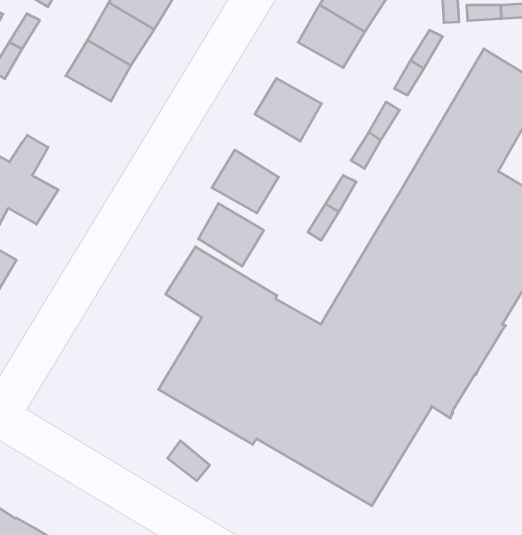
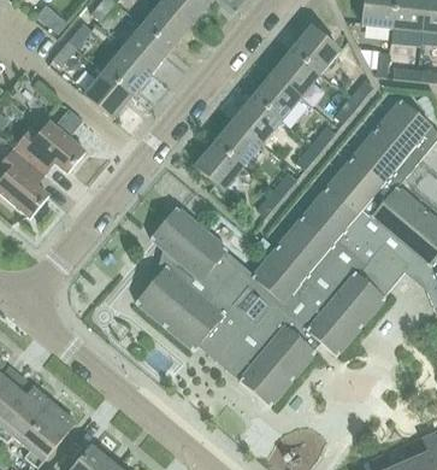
building: none -> [252,74,300,119]
building: none -> [83,71,132,118]
building: [198,203,264,266] -> [214,119,261,166]

